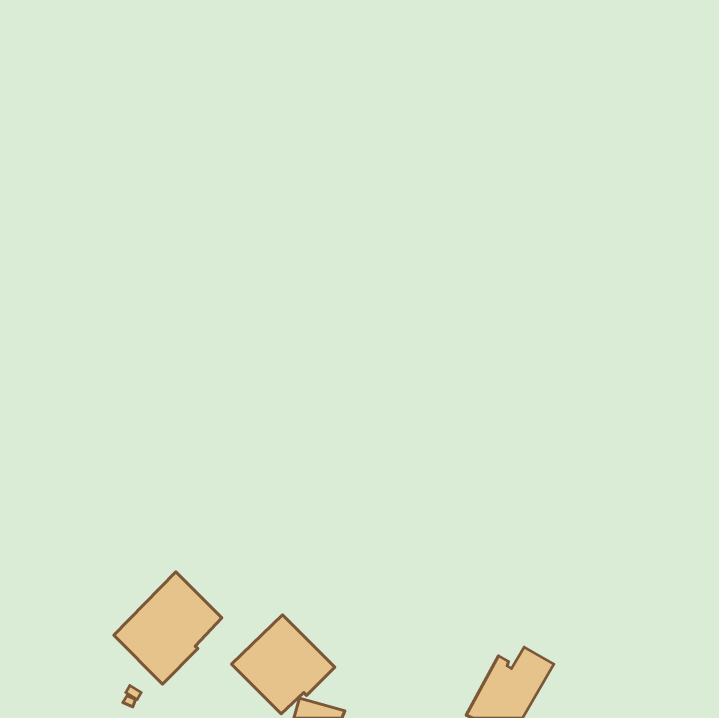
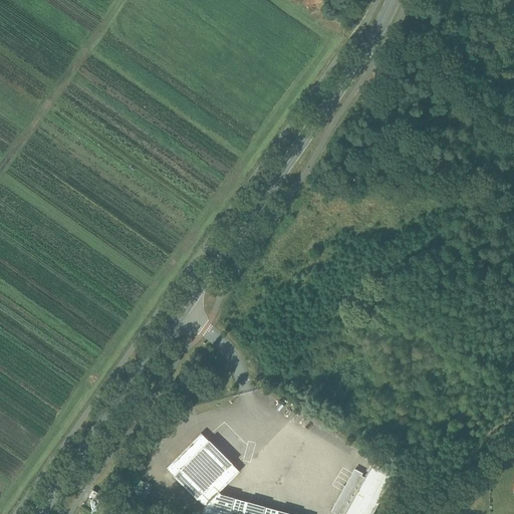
building: [114,572,222,684] -> none

